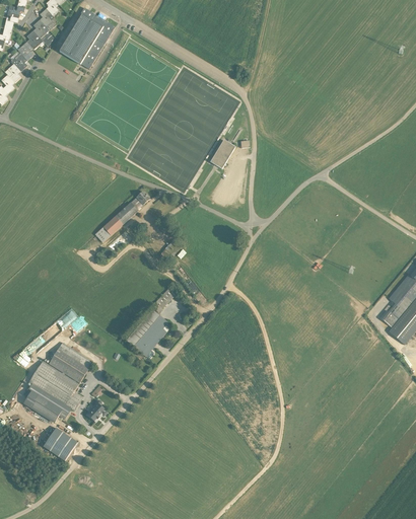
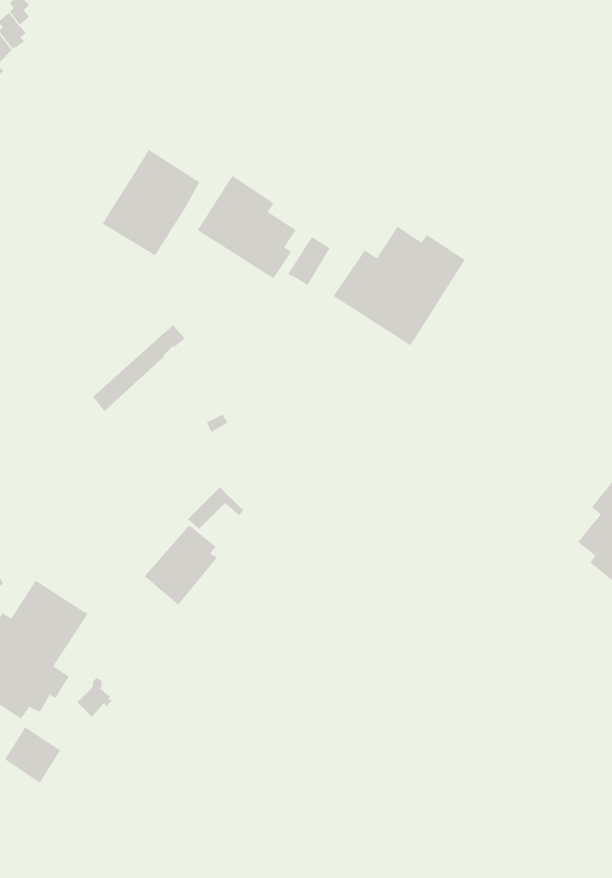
building: [57,6,115,69] -> [102,149,200,256]
building: none -> [197,175,296,279]
building: none -> [333,226,465,346]

